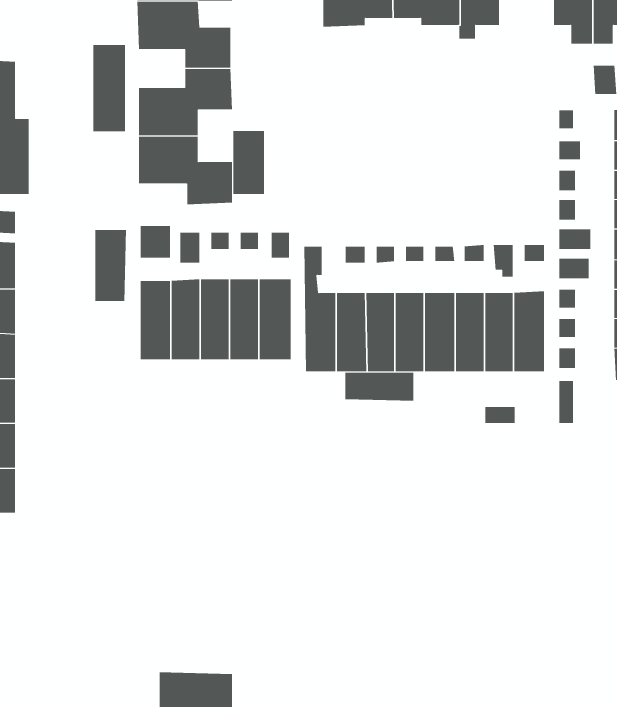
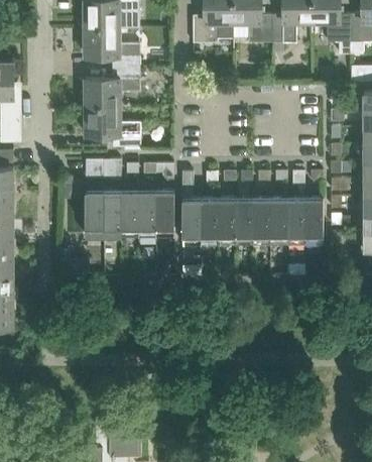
building: [93,44,125,132] -> none
building: [233,130,264,195] -> none
building: [95,229,127,302] -> none
building: [345,372,414,401] -> none

